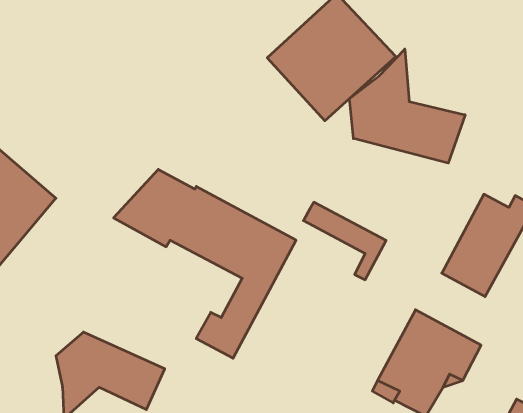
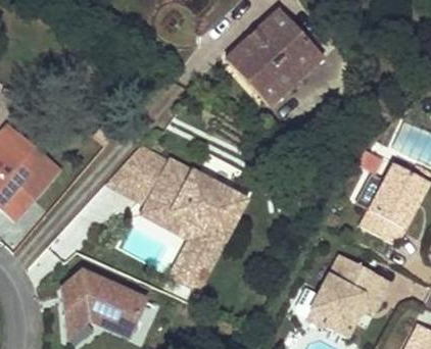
building: [349,49,465,163] -> none
building: [303,202,386,280] -> [141,199,205,259]

